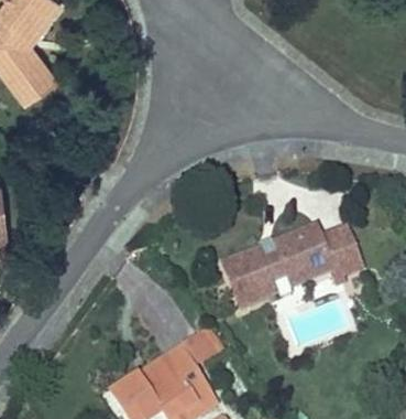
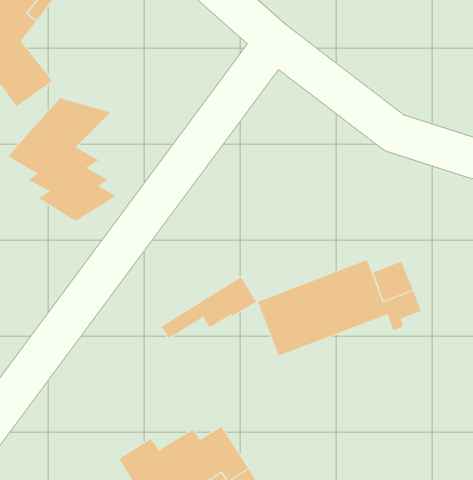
building: none -> [7,98,117,222]
building: [135,335,216,387] -> [161,277,257,339]

